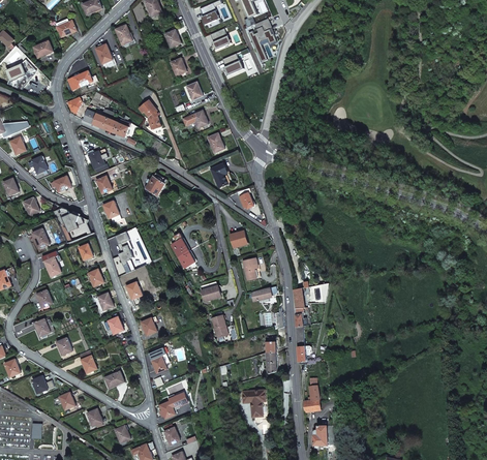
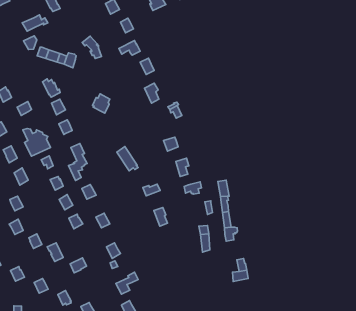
building: [241,389,265,416] -> none
building: [312,425,336,444] -> none

